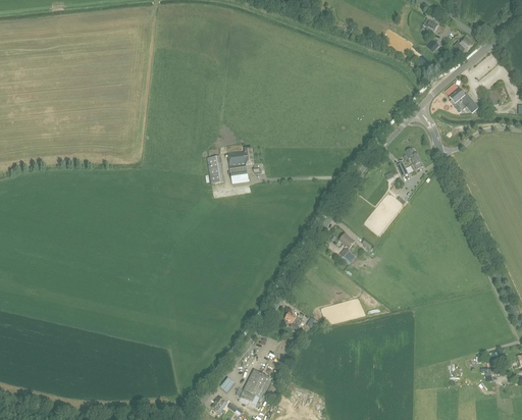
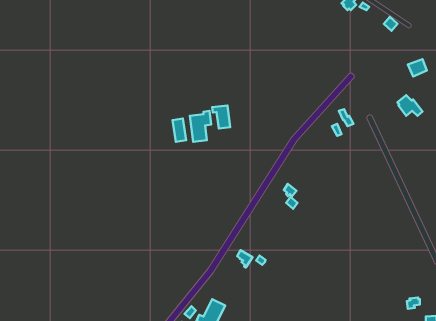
building: [449,88,478,112] -> [398,95,423,116]
building: none -> [212,105,230,128]

